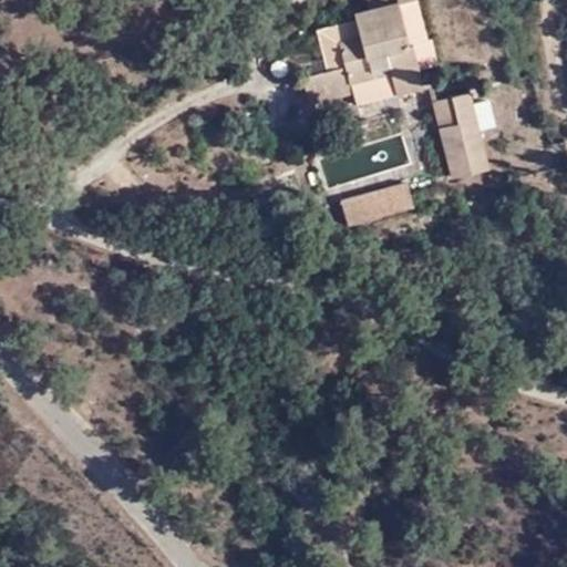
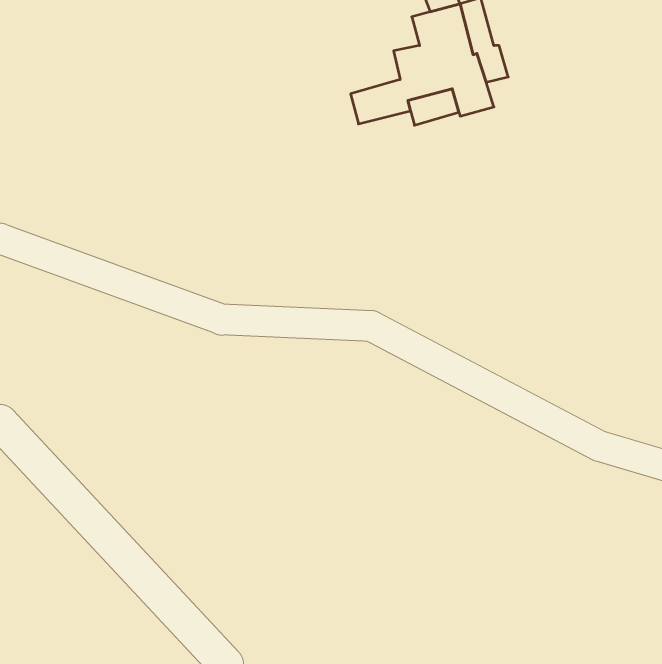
building: [433,94,488,183] -> none
building: [346,183,417,218] -> none

